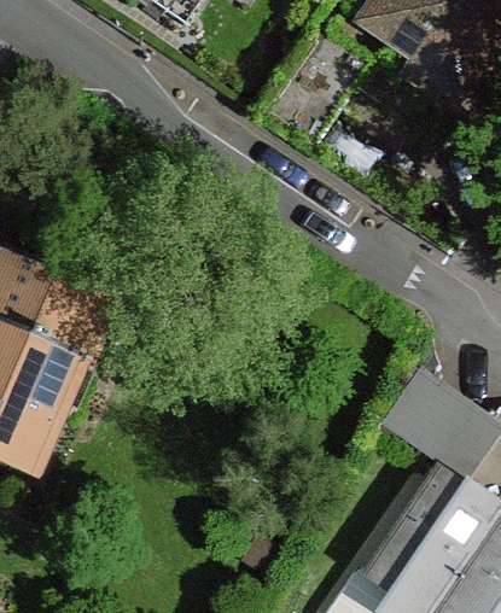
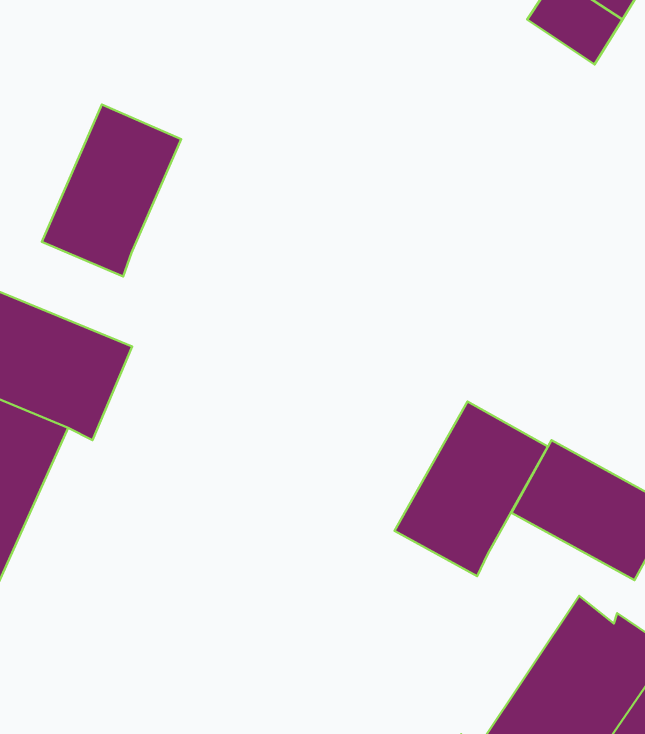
building: none -> [42,105,181,276]
building: none -> [395,401,548,576]

